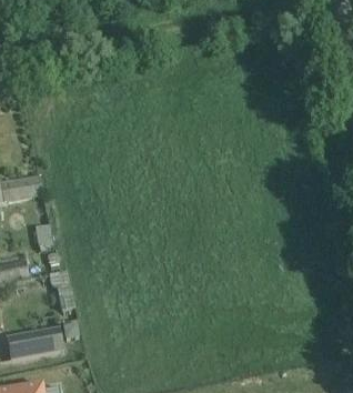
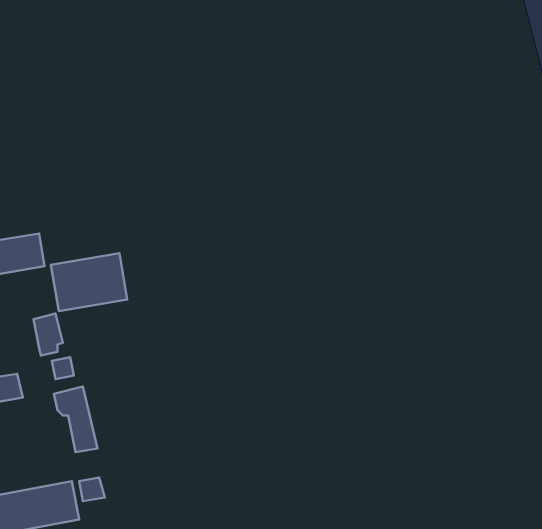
building: none -> [51,253,127,311]

